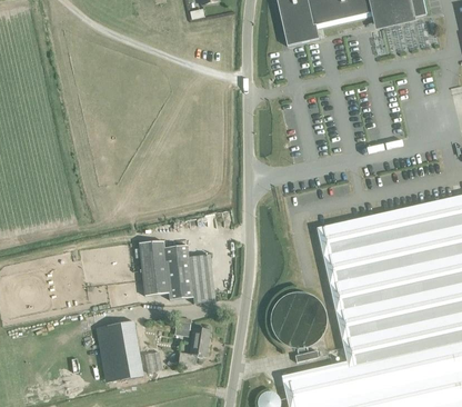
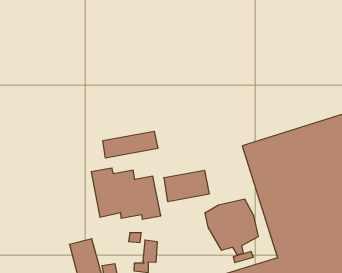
building: none -> [103,131,158,158]
building: none -> [164,170,209,202]

